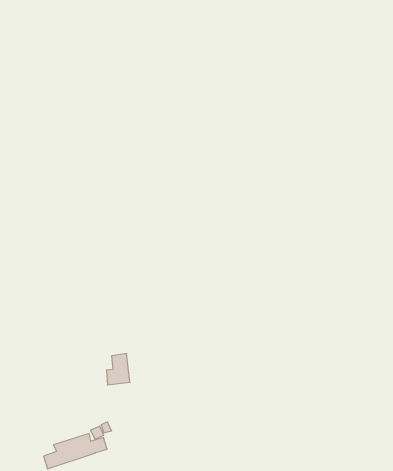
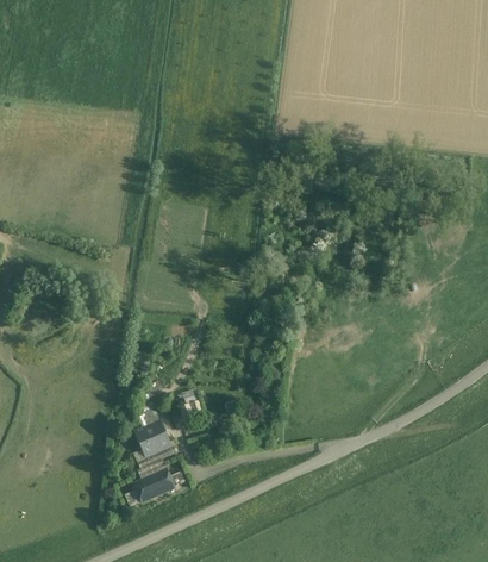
building: none -> [131,418,170,458]

